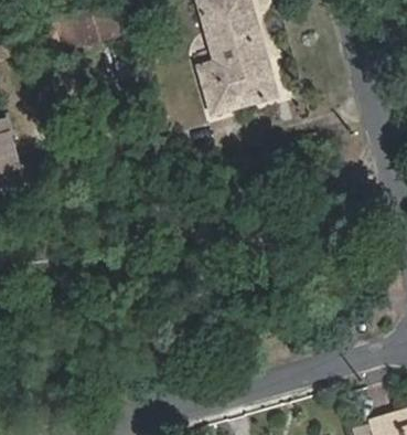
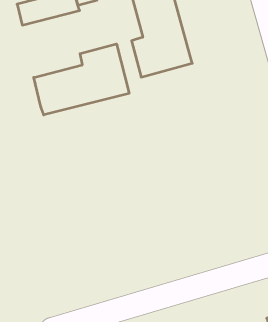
building: none -> [34,44,129,115]

